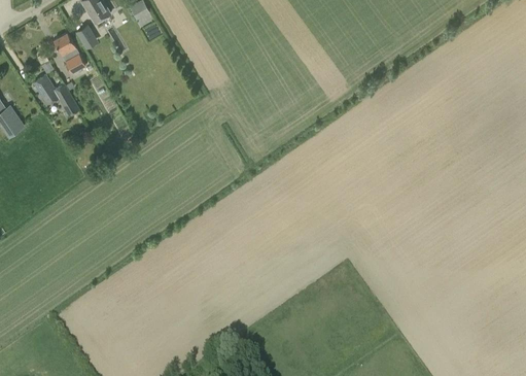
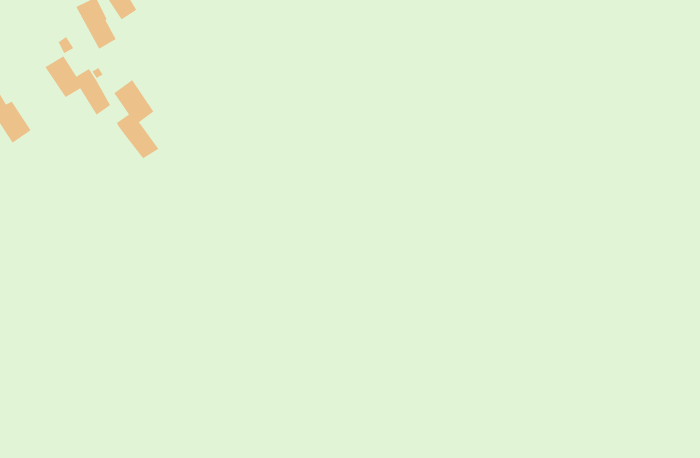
building: none -> [113,79,159,159]

